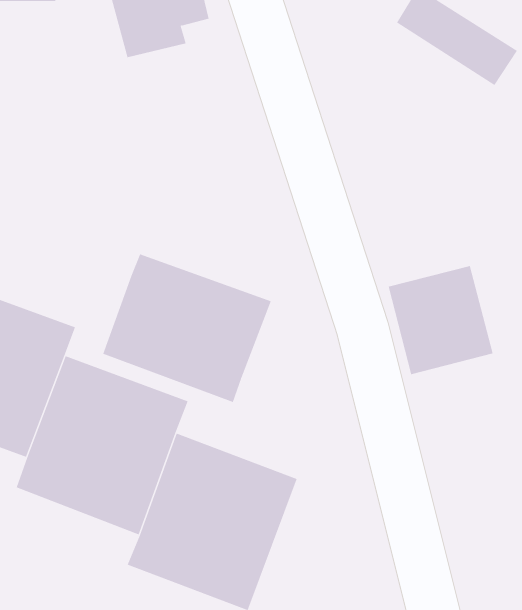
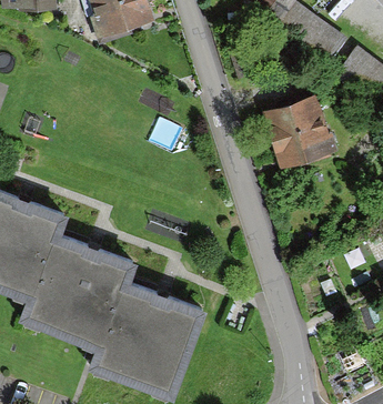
building: [103,253,271,403] -> none
building: [388,266,493,375] -> [262,99,329,168]

